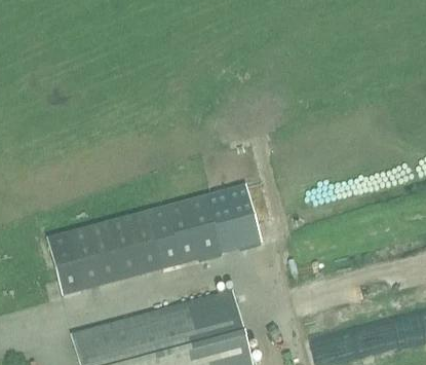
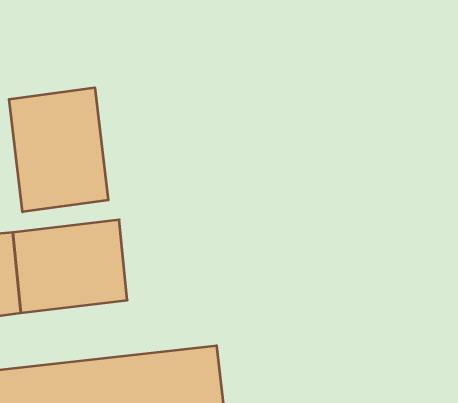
building: none -> [9,88,108,212]
building: [149,184,263,267] -> none

